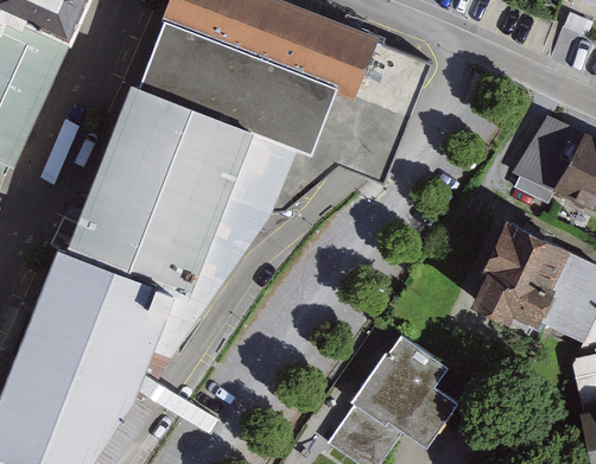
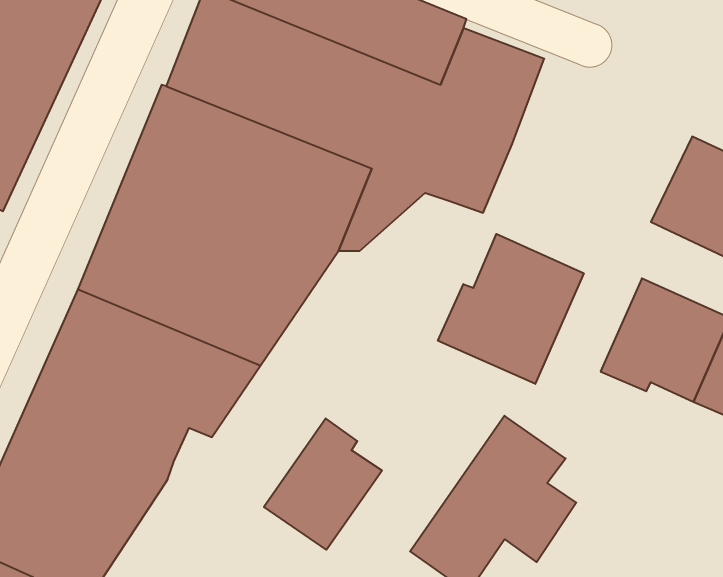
building: none -> [438,234,584,384]
building: none -> [264,418,382,550]

